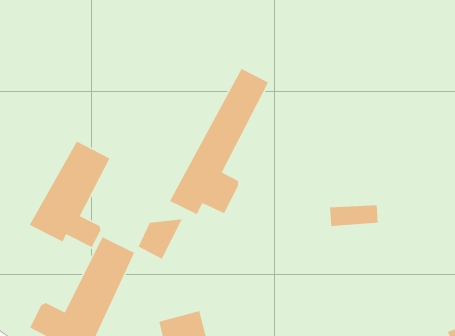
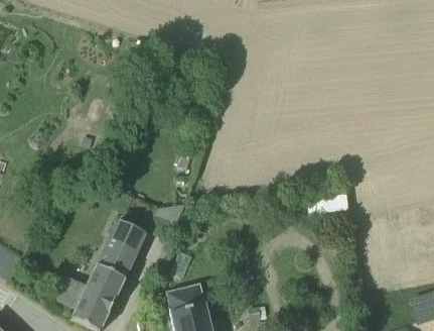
building: [168,68,269,215] -> none
building: [27,141,110,248] -> none

